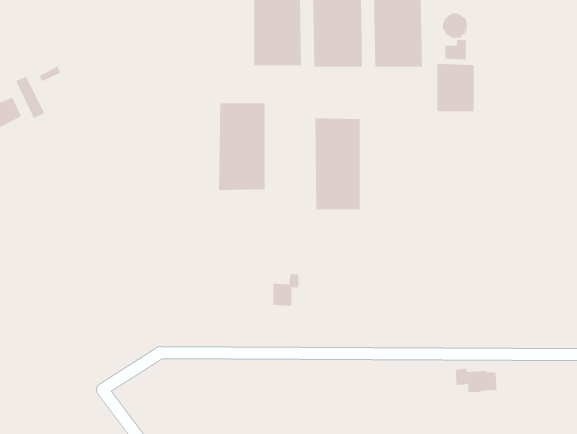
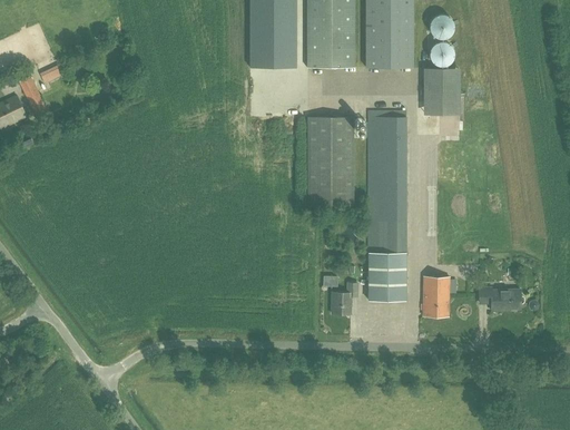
building: [219,102,265,191] -> none
building: none -> [368,110,407,301]
building: [273,274,299,306] -> [332,283,357,314]
building: none -> [423,276,456,316]
building: [455,368,497,392] -> [480,286,521,310]

